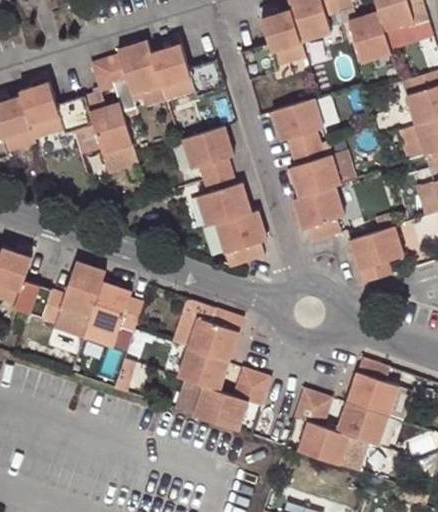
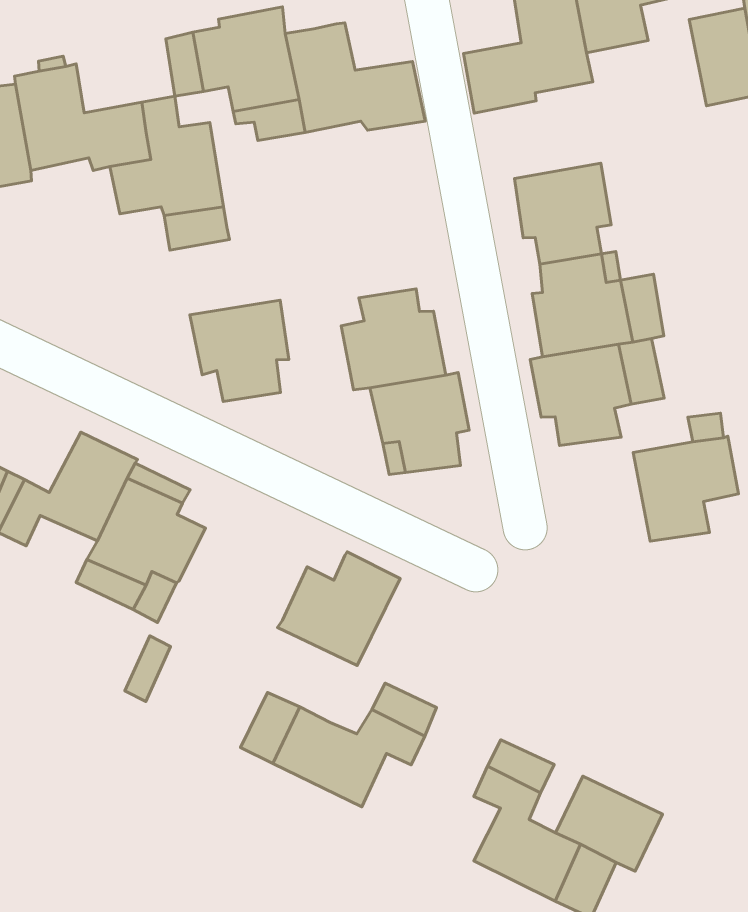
building: [182,125,234,179] -> [190,300,289,402]
building: [173,299,213,344] -> none
building: [175,348,226,392] -> none
building: [345,357,397,417] -> none

